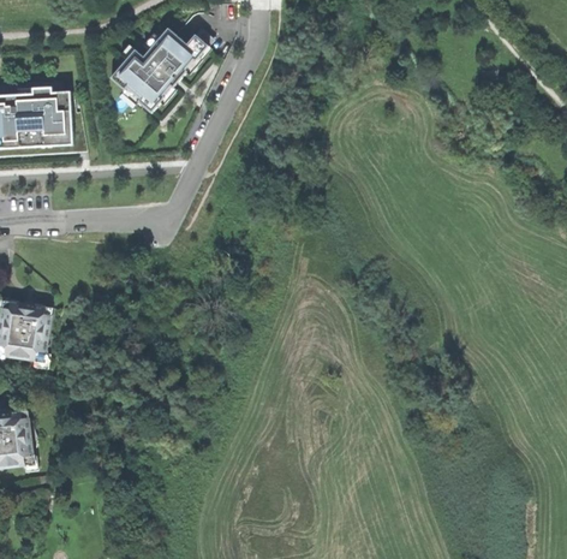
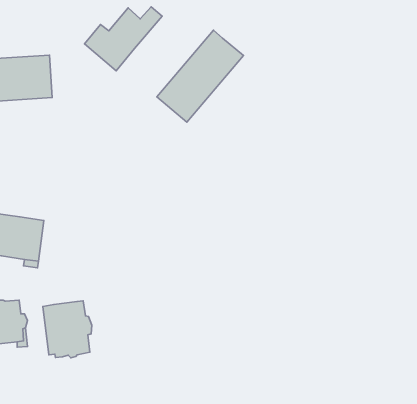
building: none -> [157,30,243,122]
building: none -> [43,301,92,358]

